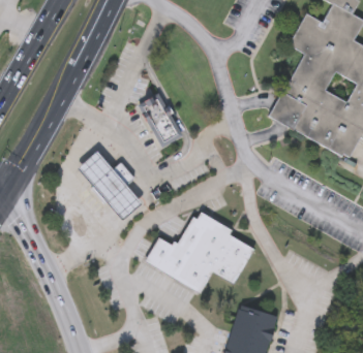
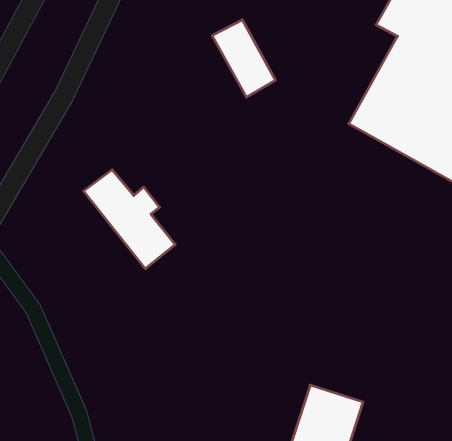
building: [137,91,182,147] -> [212,20,275,97]
building: [144,212,254,291] -> none

